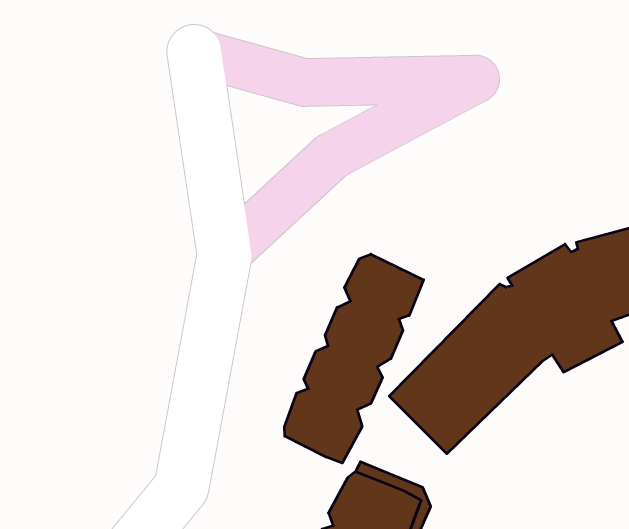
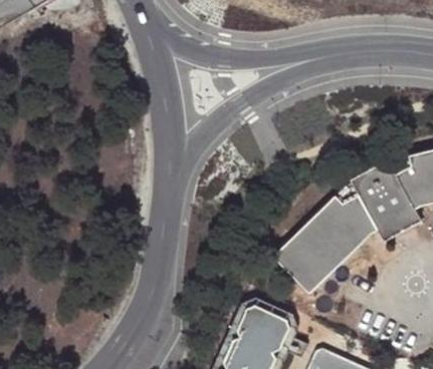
building: [284,254,424,463] -> none

